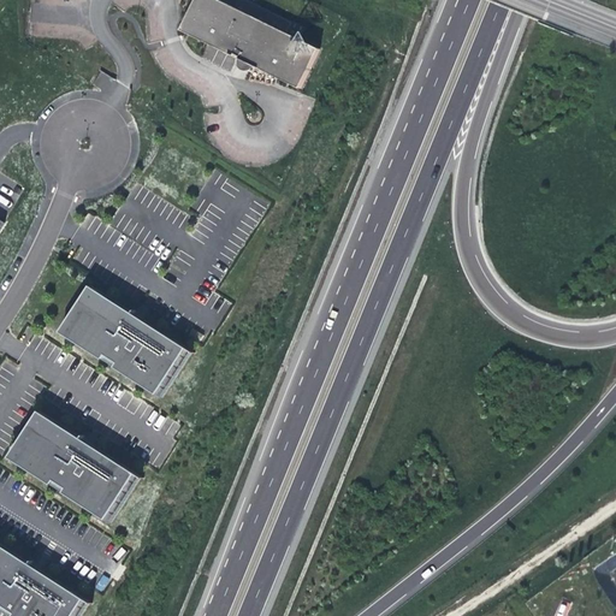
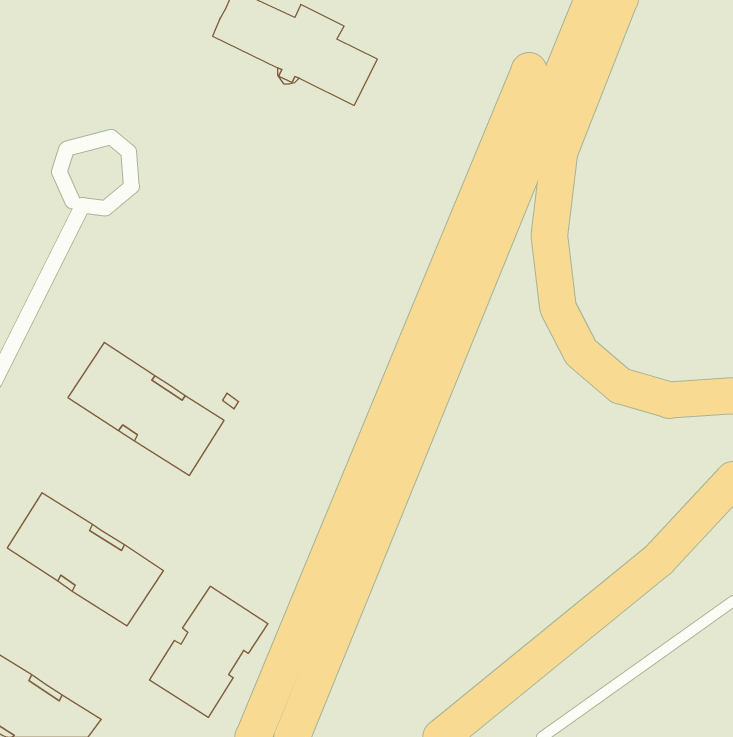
building: none -> [150,586,268,717]

